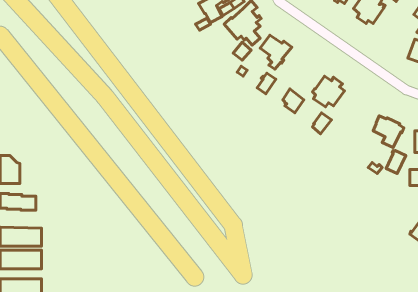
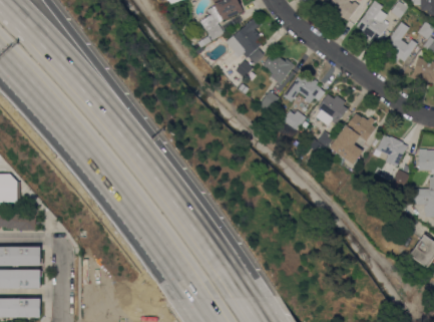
building: none -> [384,22,417,62]
building: none -> [284,73,325,104]
building: none -> [330,113,376,166]

